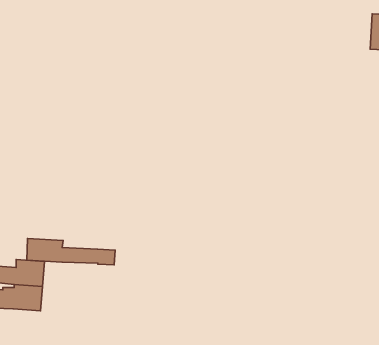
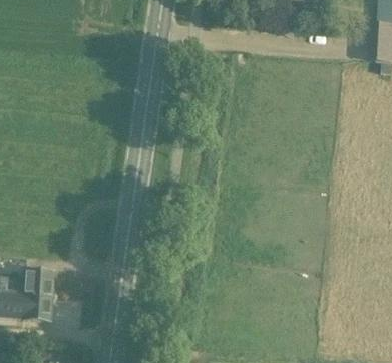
building: [27,239,115,265] -> none

